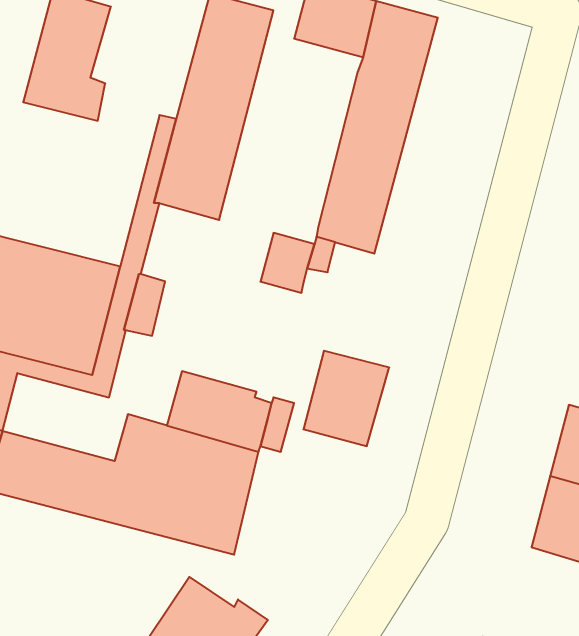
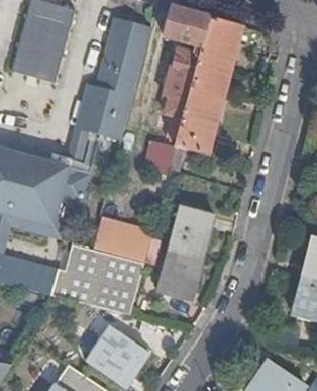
building: none -> [163,51,197,139]
building: none -> [156,249,202,300]

